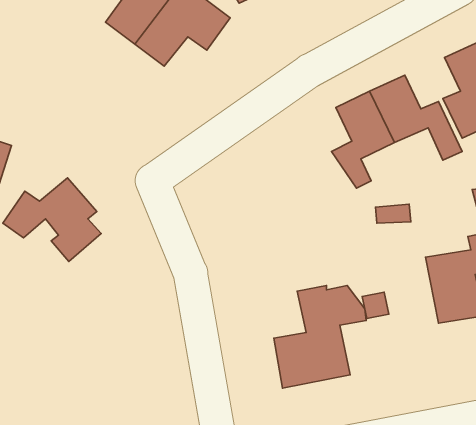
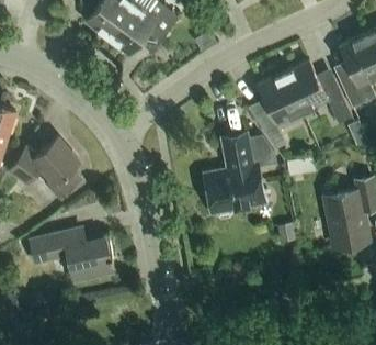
building: [274,285,366,388] -> [206,135,275,212]
building: none -> [30,230,113,280]

